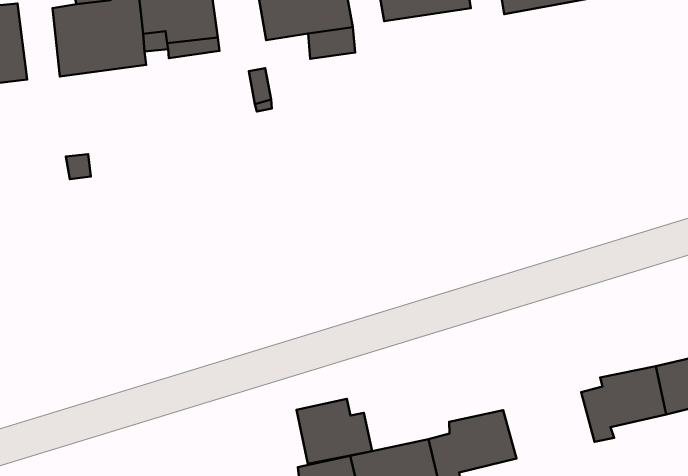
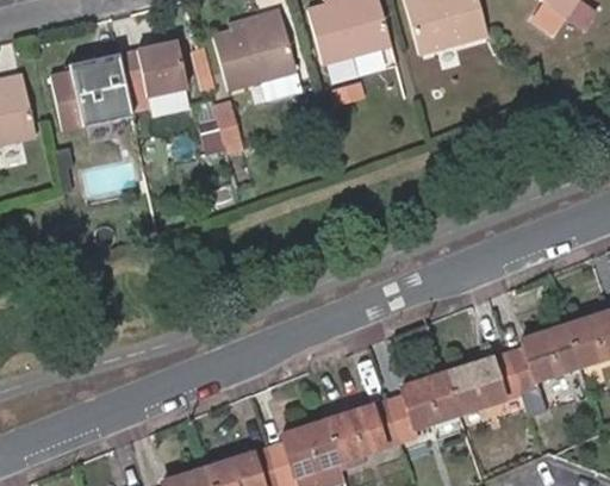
building: none -> [446,351,522,410]
building: [296,399,372,464] -> none

